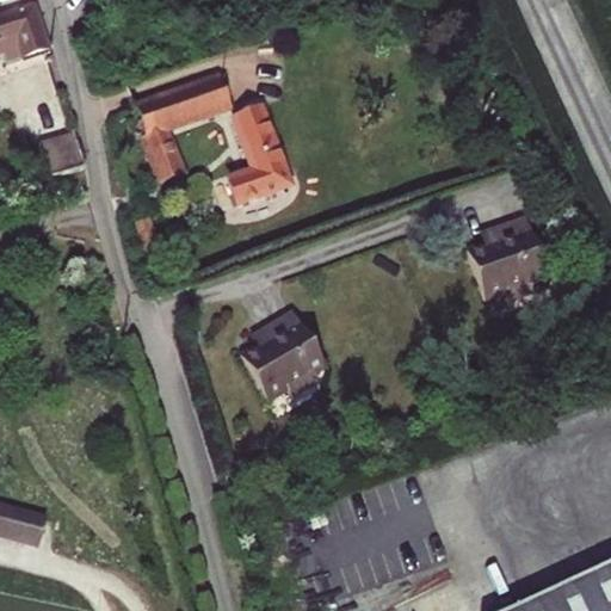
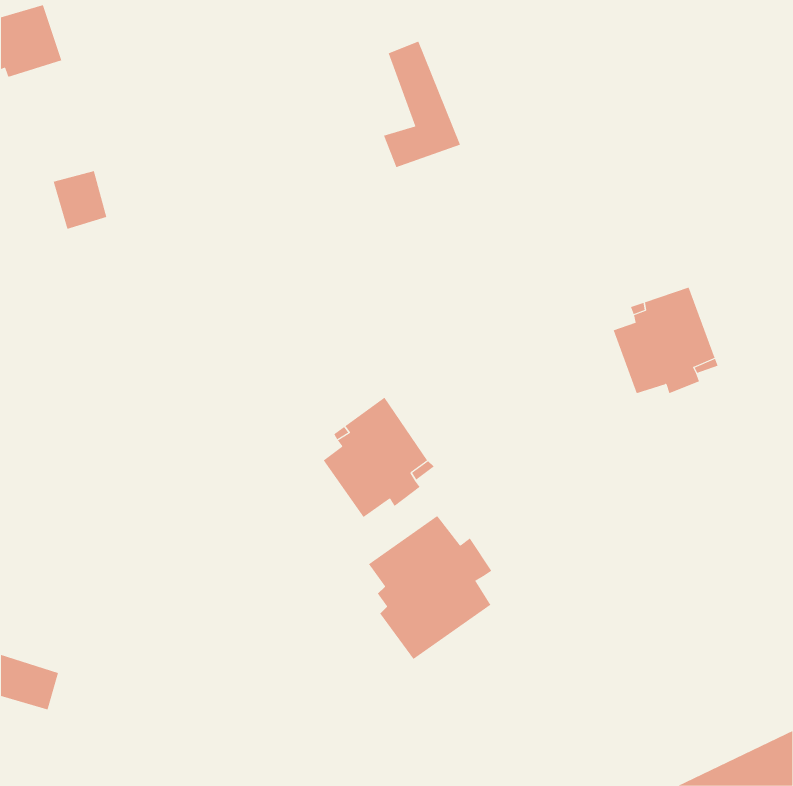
building: [135,74,229,178] -> none
building: [229,103,289,200] -> [383,41,461,168]
building: none -> [368,515,492,660]

